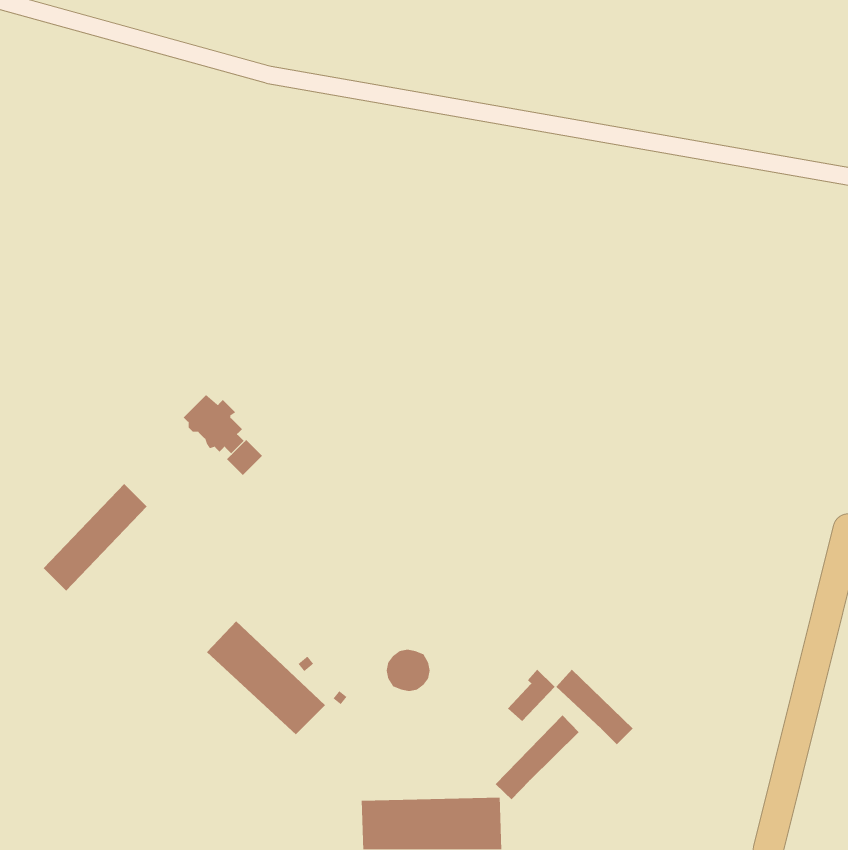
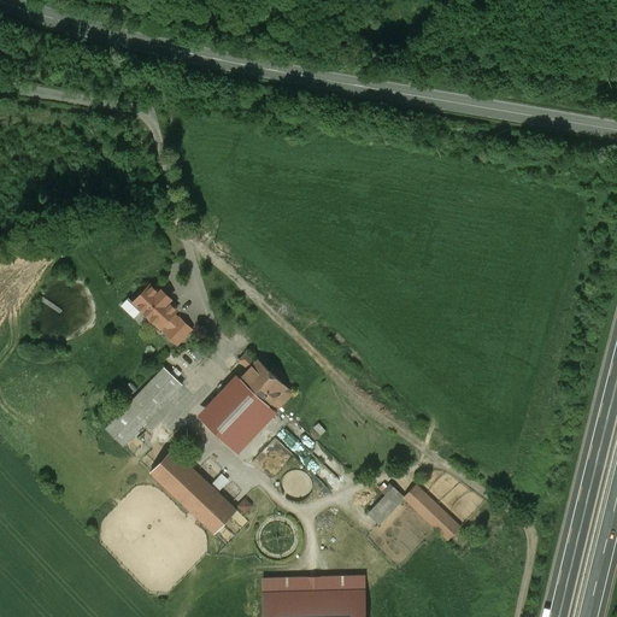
building: [43,483,148,591] -> [105,368,181,446]
building: none -> [202,353,293,445]
building: [495,714,579,800] -> none

